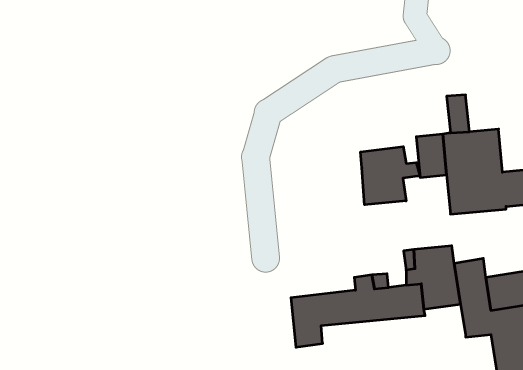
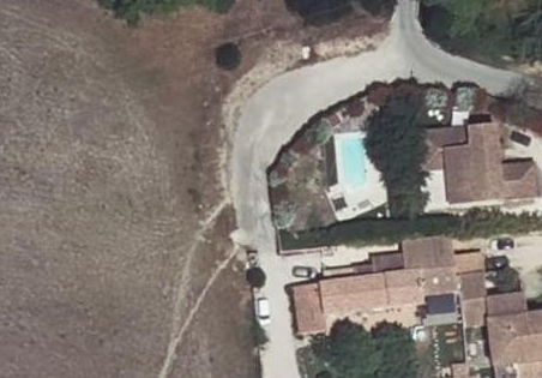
building: [361,147,420,205] -> none

